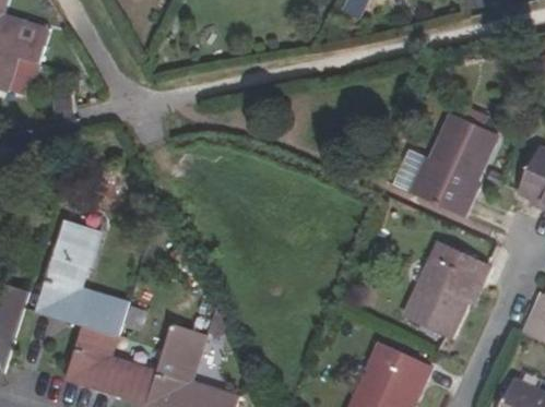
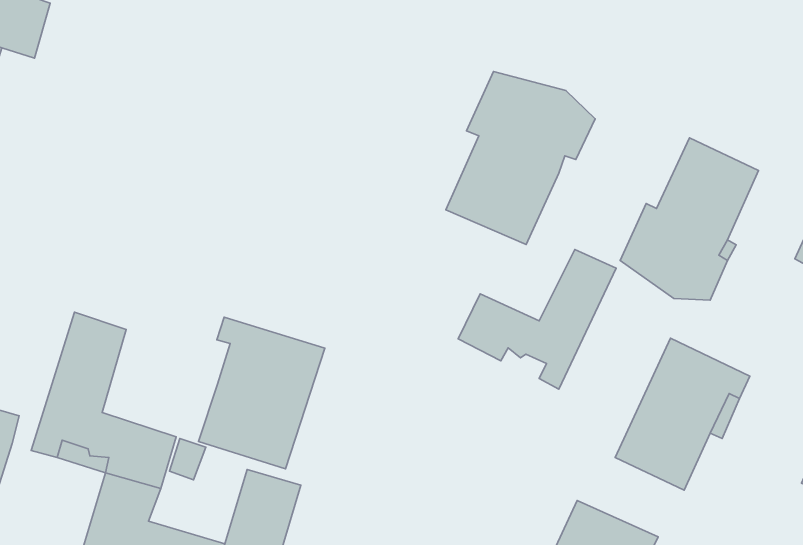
building: none -> [446,72,595,245]
building: none -> [458,249,616,389]
building: none -> [198,317,325,469]

